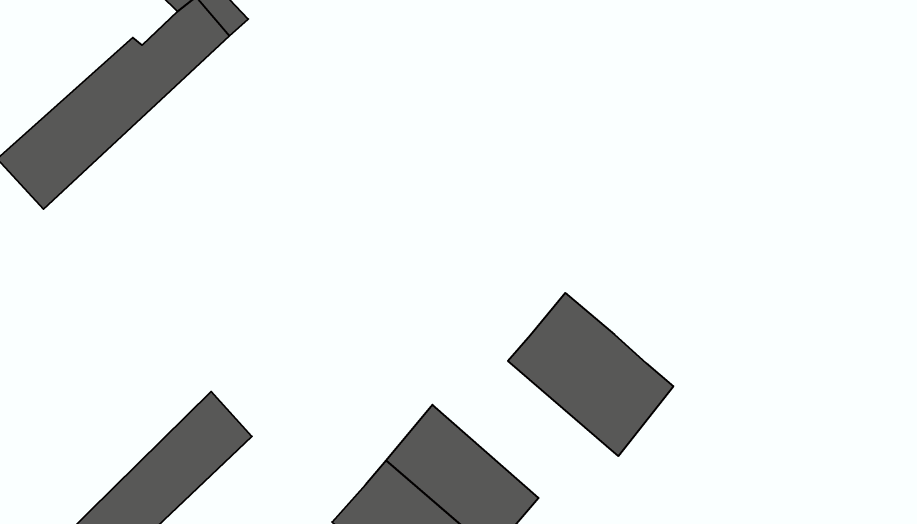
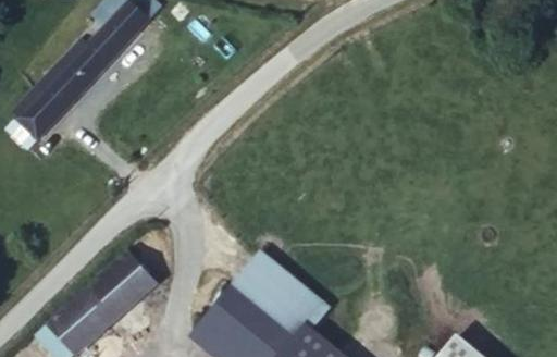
building: [508,293,673,456] -> none

